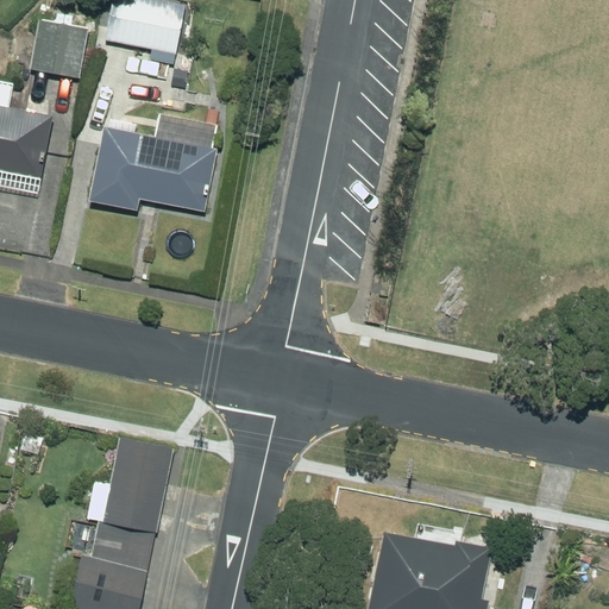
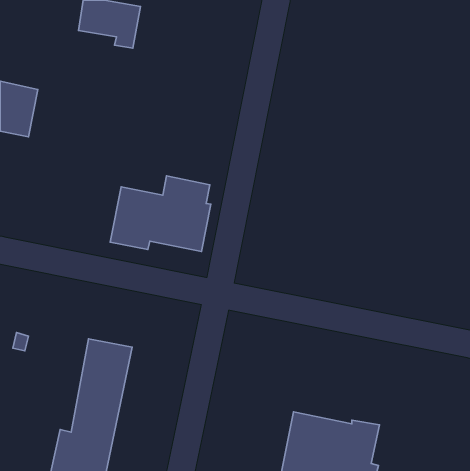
building: [30,21,87,76] -> none
building: [87,113,216,211] -> [110,176,211,251]

